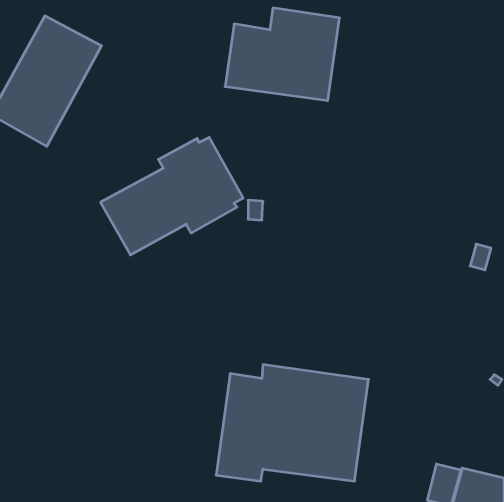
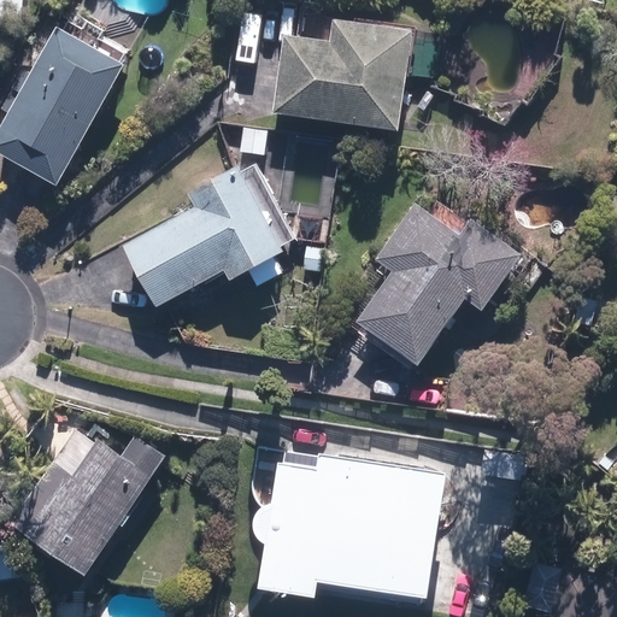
building: none -> [355,204,521,364]
building: none -> [10,434,163,575]

